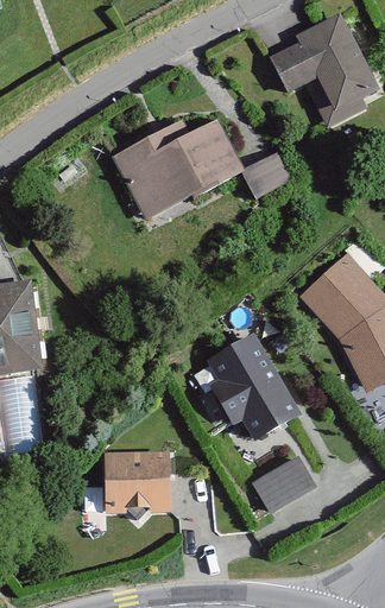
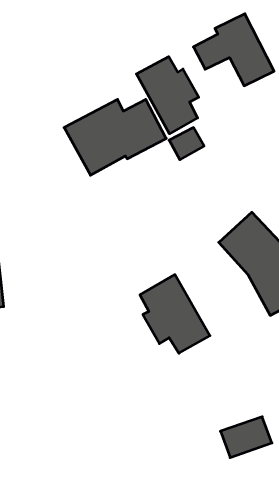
building: none -> [136,57,199,134]
building: [106,455,166,509] -> none
building: [253,457,316,507] -> [220,417,272,458]

